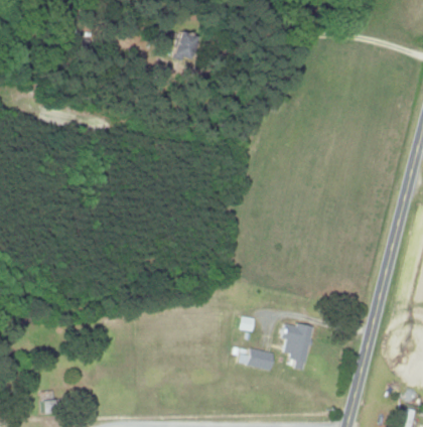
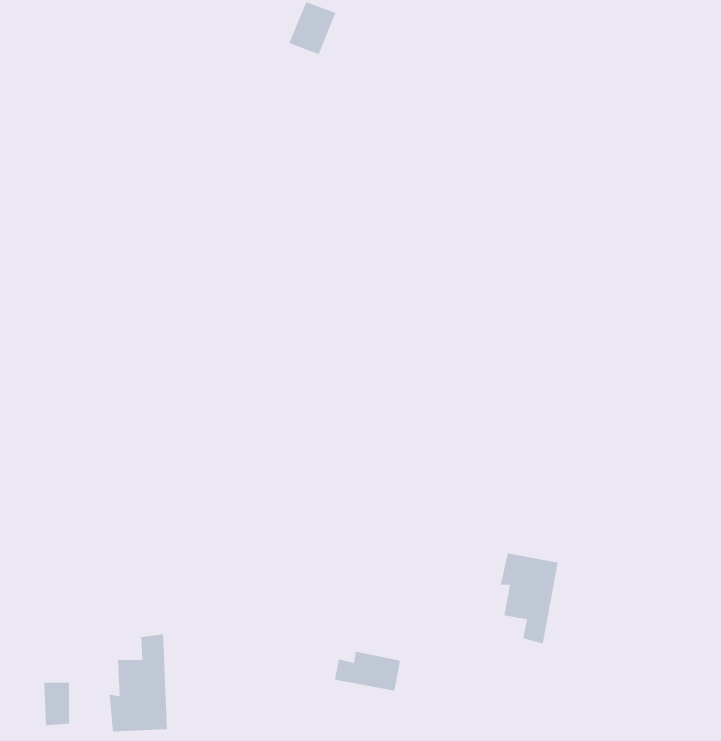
building: [240,349,275,371] -> [334,651,401,691]
building: none -> [109,634,168,732]

